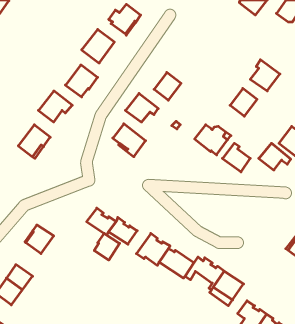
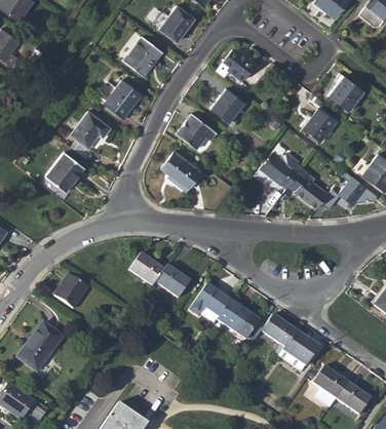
building: none -> [217,49,257,81]
building: [94,233,120,260] -> none

